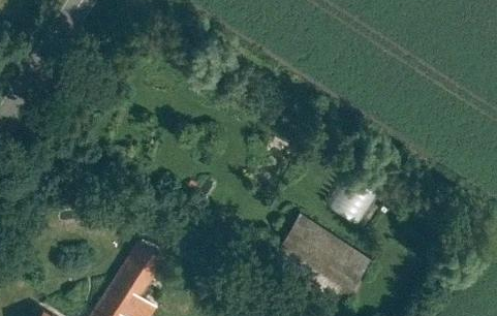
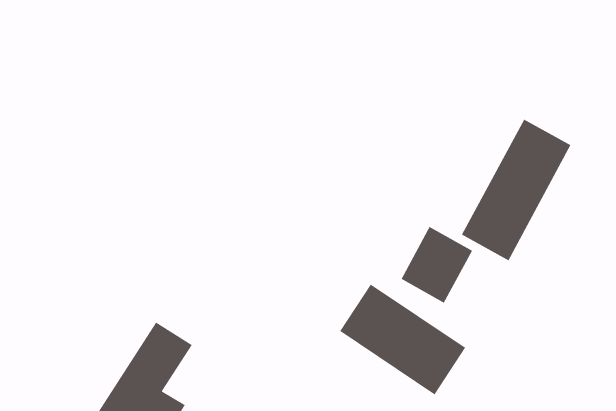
building: none -> [461,118,572,262]

